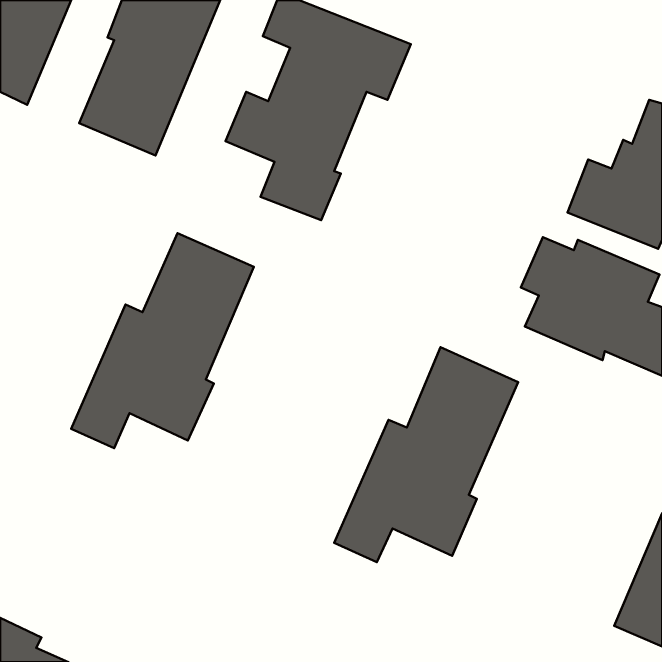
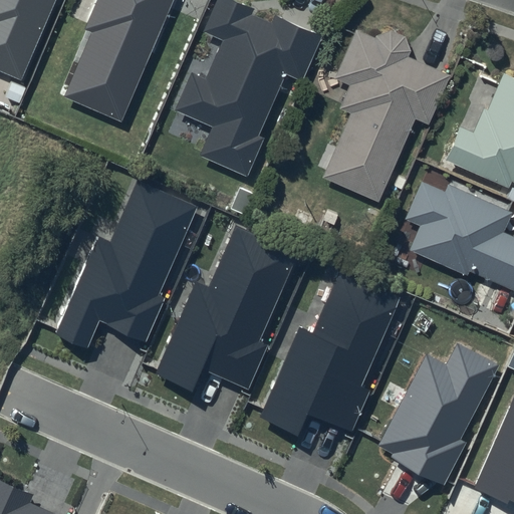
building: none -> [323,31,452,204]
building: none -> [156,226,298,393]
building: none -> [376,343,499,486]

